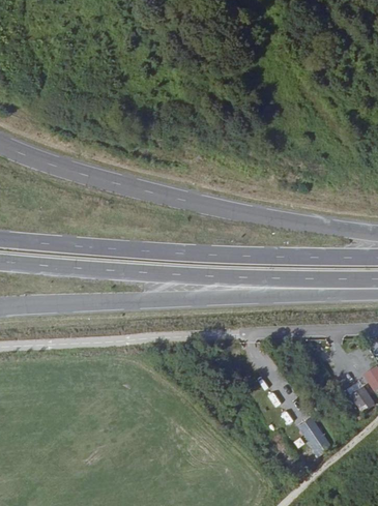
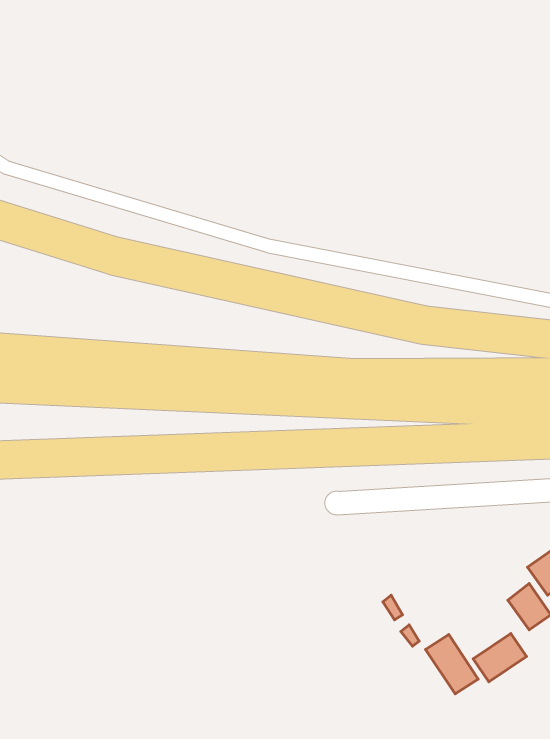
building: none -> [473,634,527,682]

